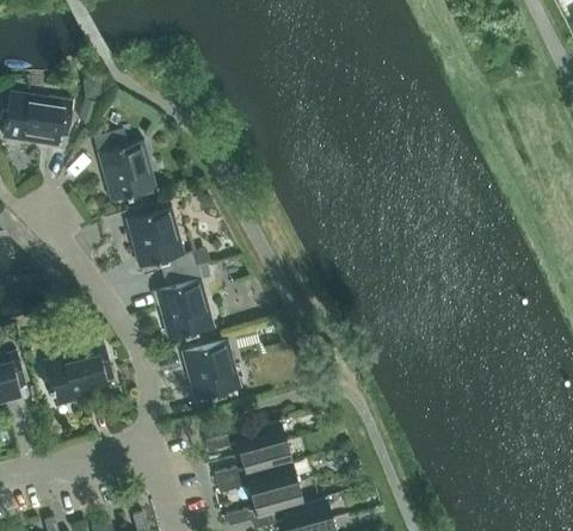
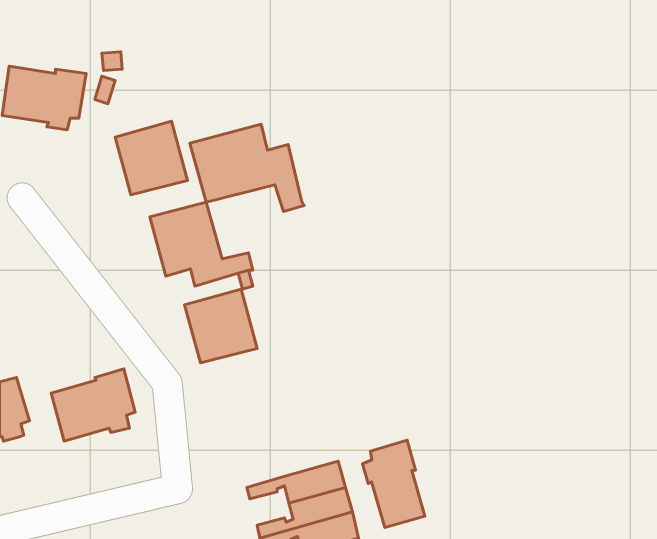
building: none -> [190,124,304,211]
building: [181,339,241,401] -> none
building: none -> [363,440,425,527]

